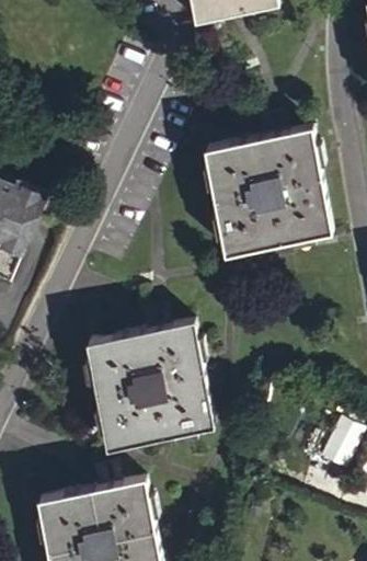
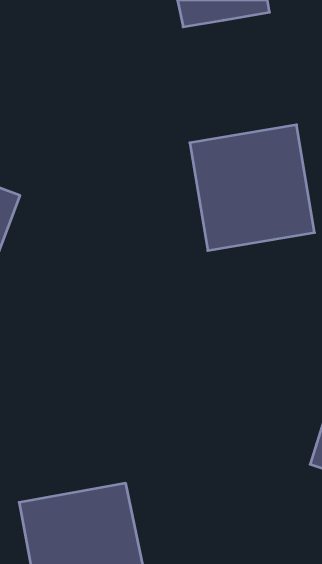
building: [89,319,214,445] -> none

